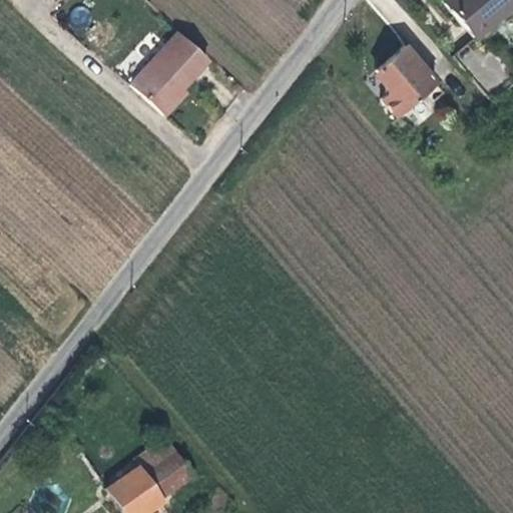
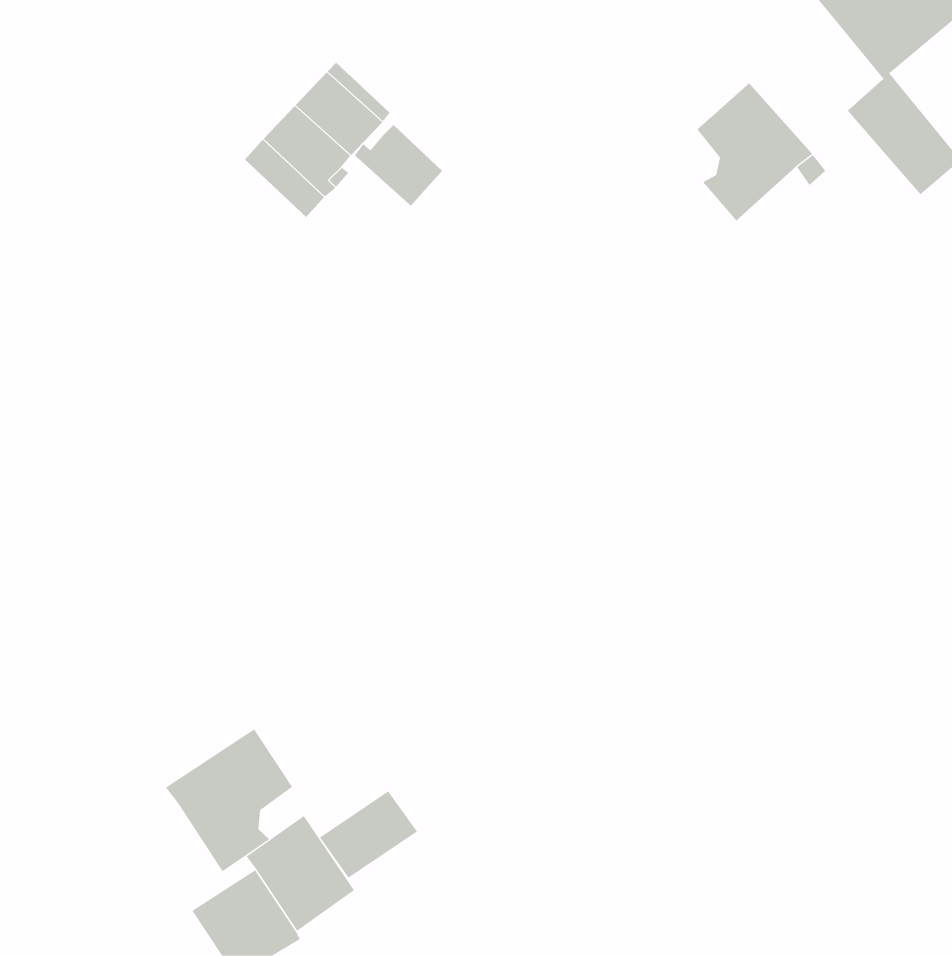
building: none -> [354,124,443,206]
building: none -> [165,728,293,872]
building: none -> [319,790,418,879]

